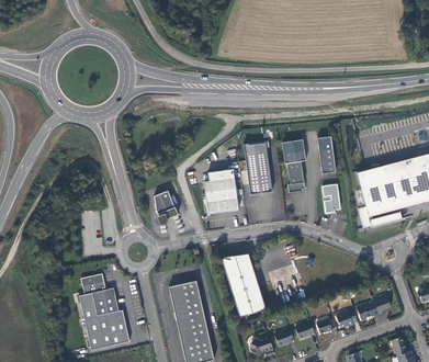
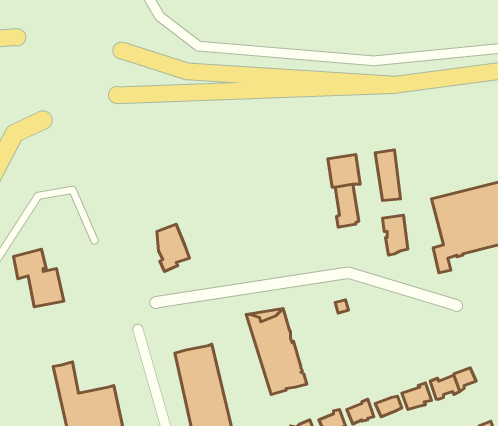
building: [244,142,272,194] -> none
building: [204,169,239,214] -> none
building: [81,273,118,316] -> [13,249,64,307]

